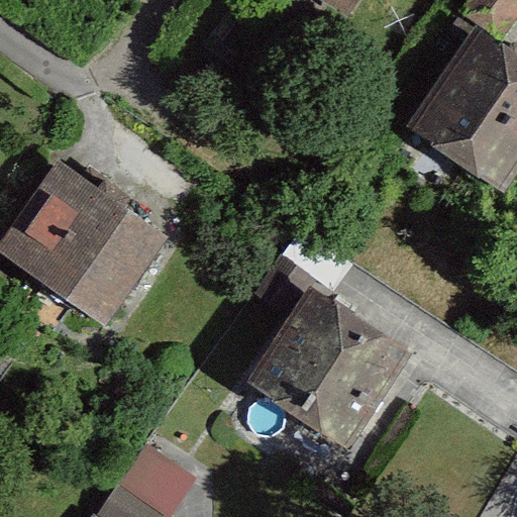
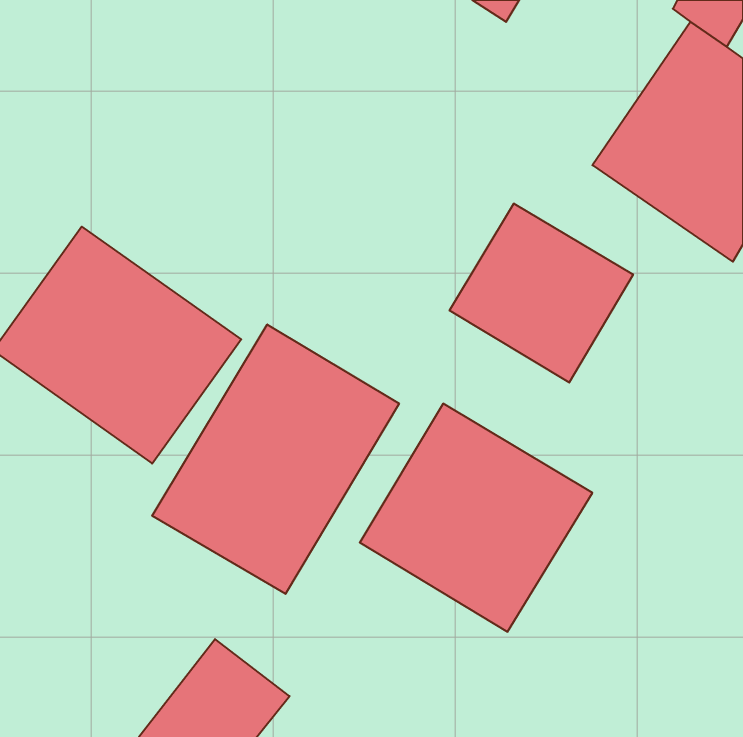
building: none -> [450,203,633,383]
building: none -> [152,324,399,594]

